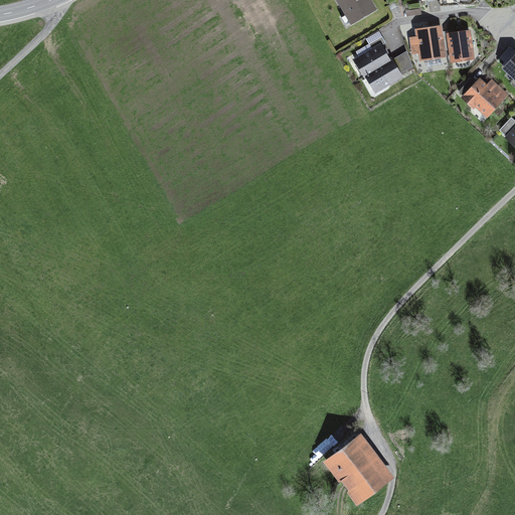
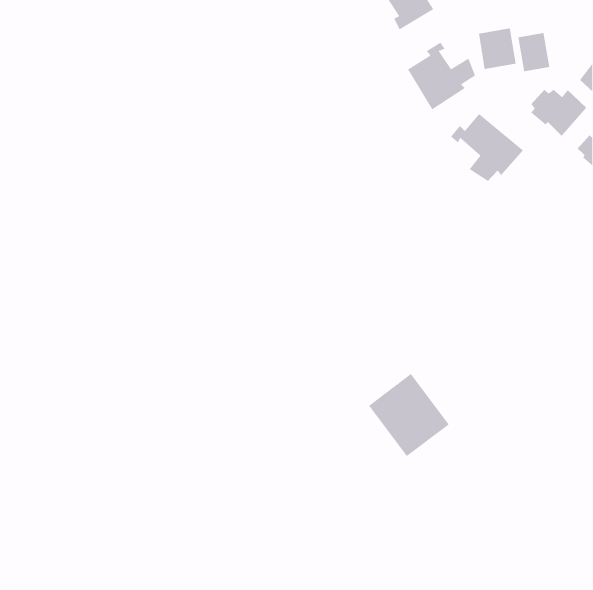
building: none -> [450,113,524,182]
building: [324,433,394,505] -> [368,373,449,457]

